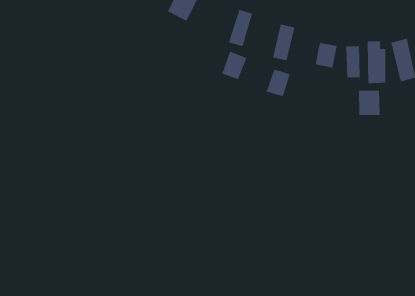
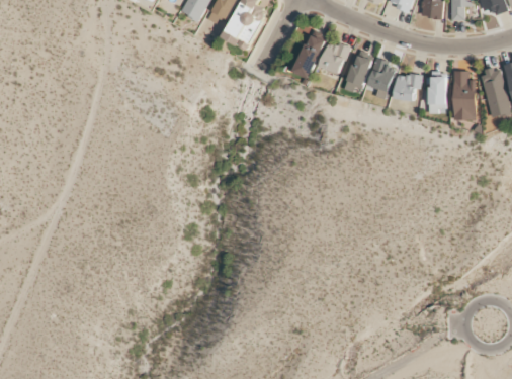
building: [222,51,247,80] -> [320,39,349,73]
building: [266,69,291,97] -> [368,59,397,91]
building: [358,90,380,116] -> none

